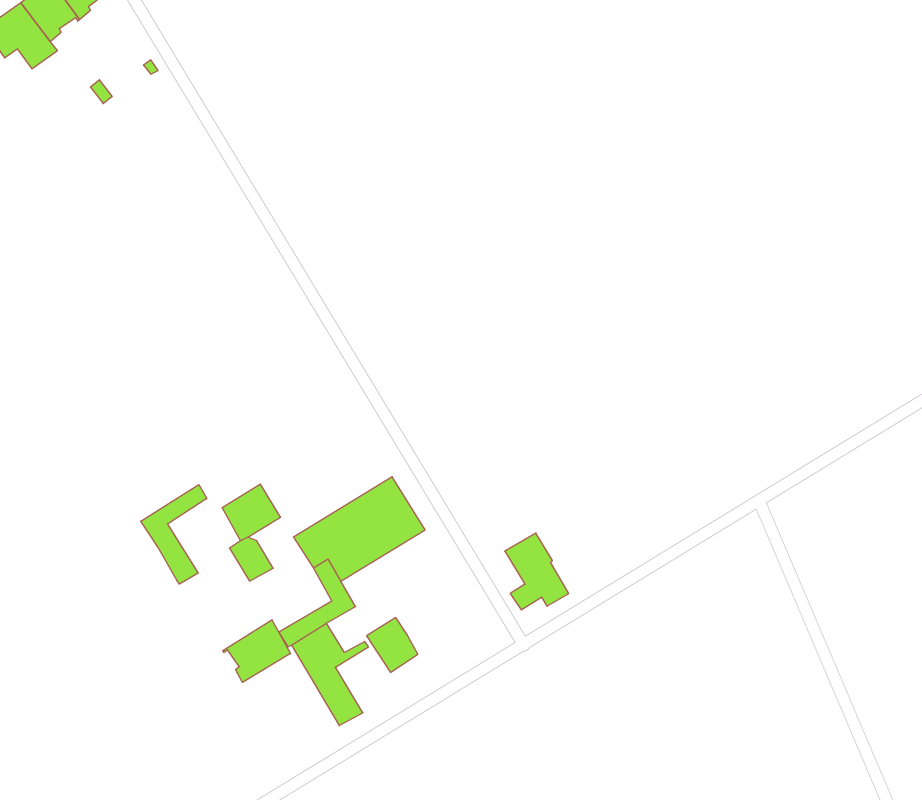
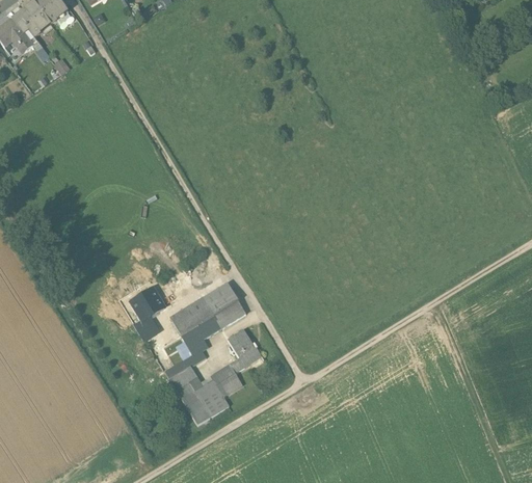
building: [141,485,207,584] -> none
building: [505,533,569,610] -> [225,328,262,372]
building: [223,620,291,682] -> none
building: none -> [194,379,229,417]

